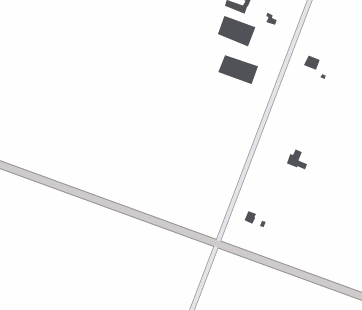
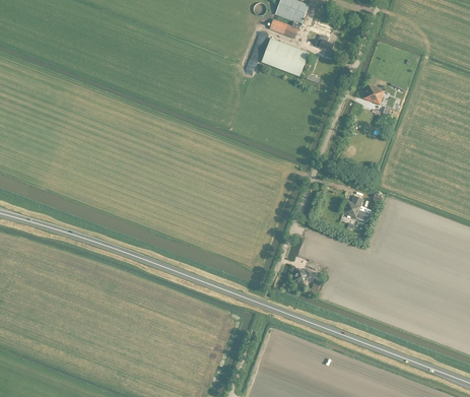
building: [217,54,259,85] -> none

